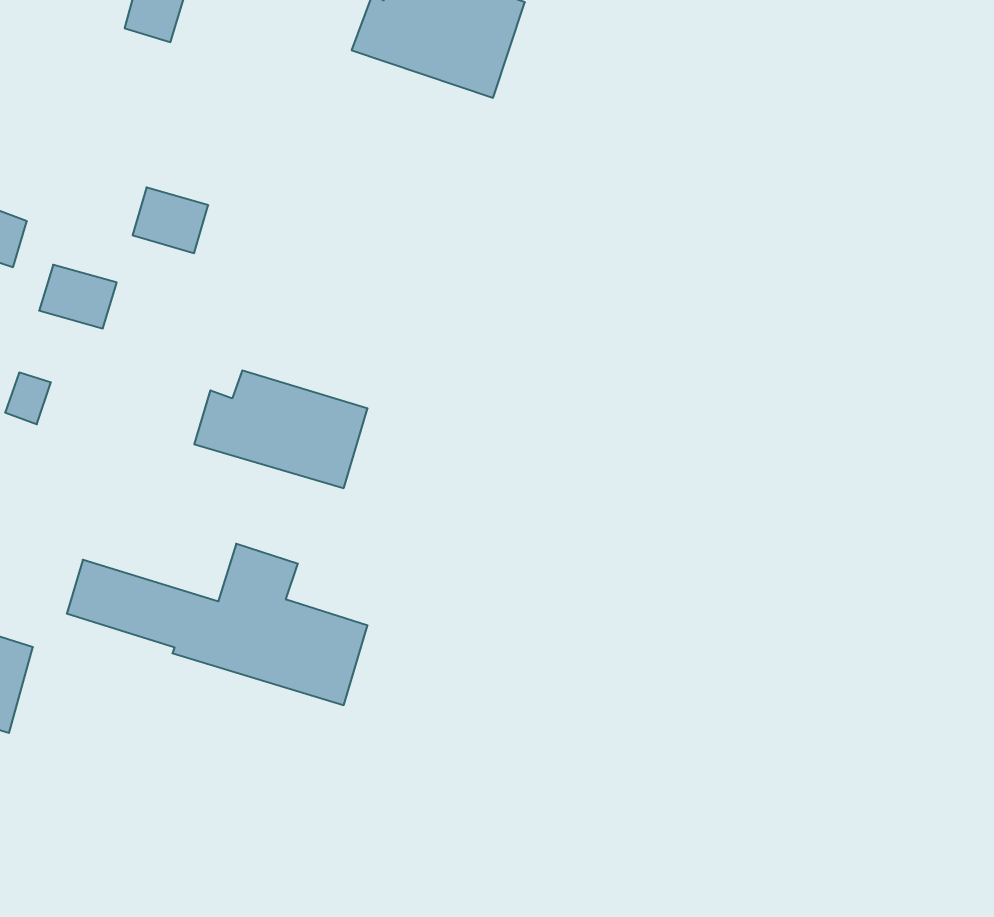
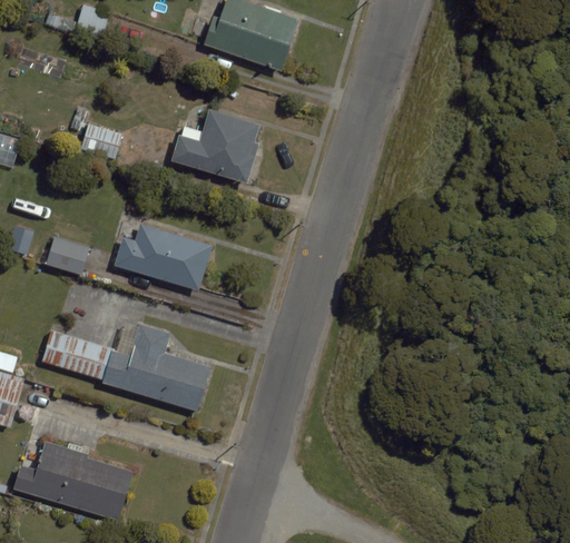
building: none -> [171,111,258,182]
building: [39,265,117,328] -> [46,237,89,273]
building: none -> [12,441,130,521]

